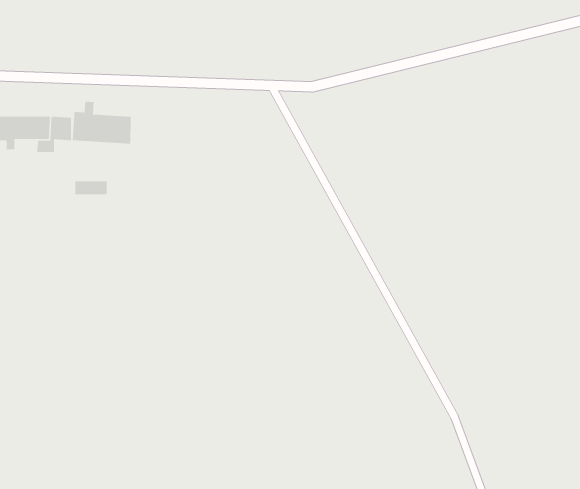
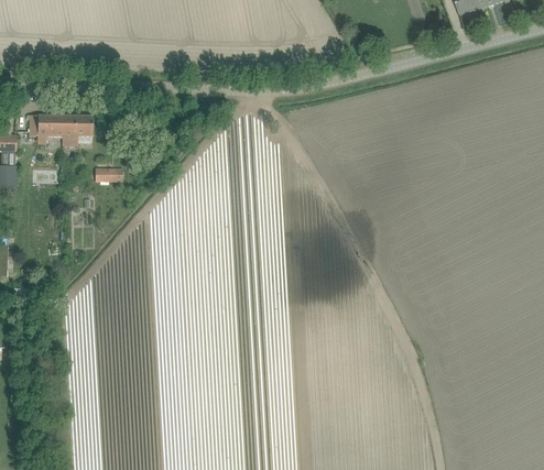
building: [72,101,131,144] -> none

